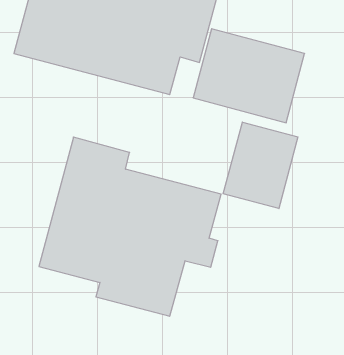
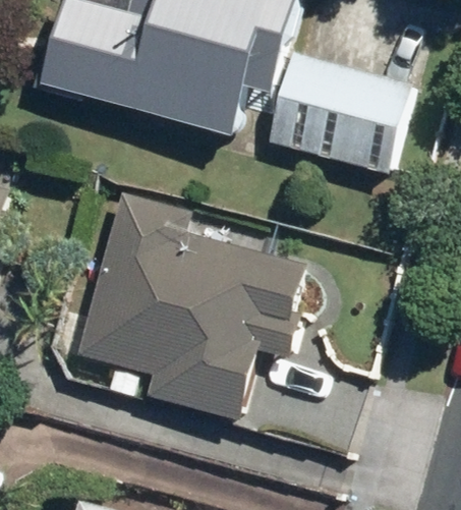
building: [223,122,298,209] -> none

